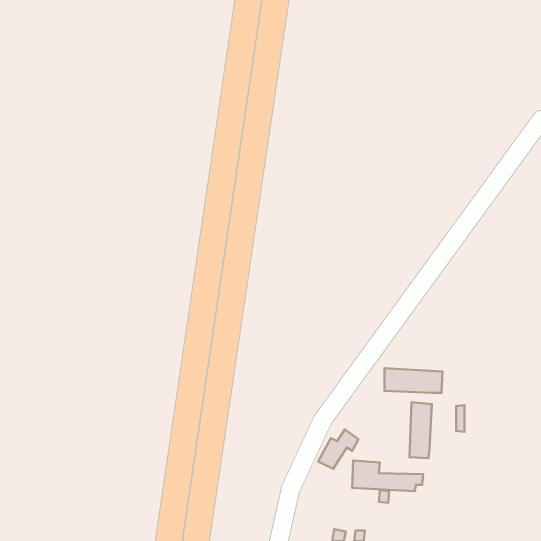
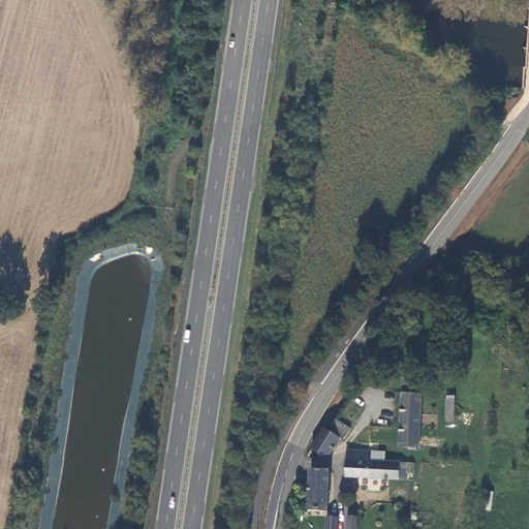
building: [384,368,442,393] -> none
building: none -> [307,469,328,508]

